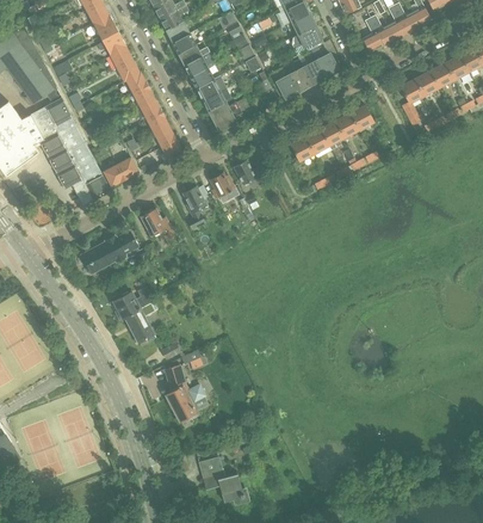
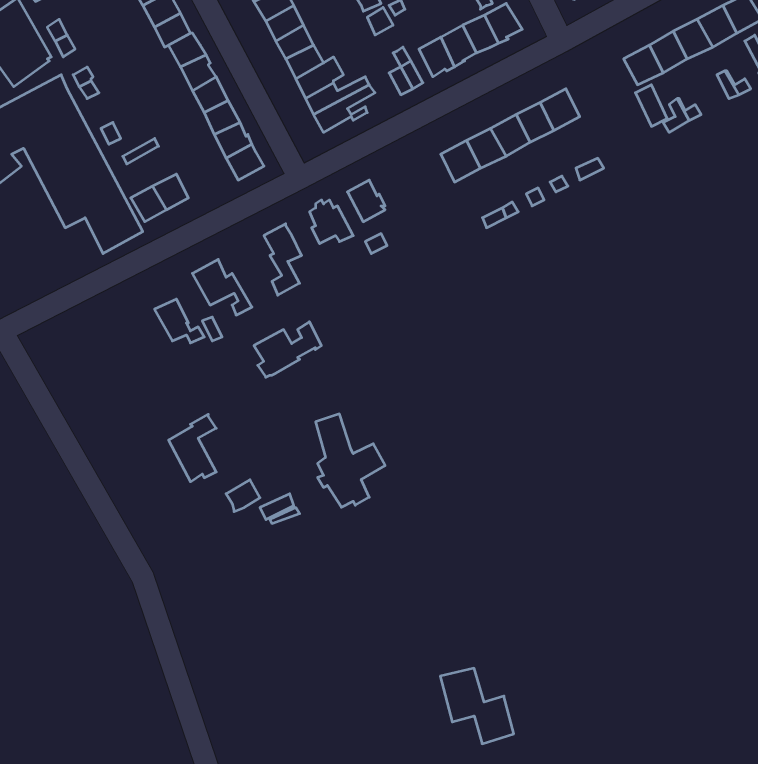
building: [82,235,128,272] -> none
building: [112,285,153,319] -> [254,322,321,377]
building: [165,364,206,420] -> [316,414,385,507]
building: [198,456,242,502] -> [440,668,514,744]

